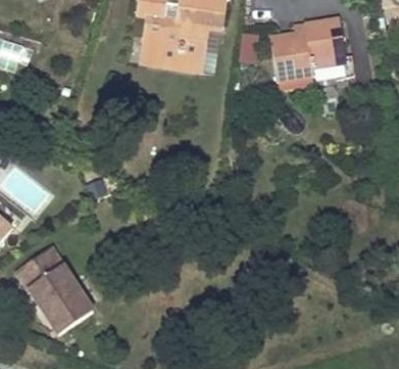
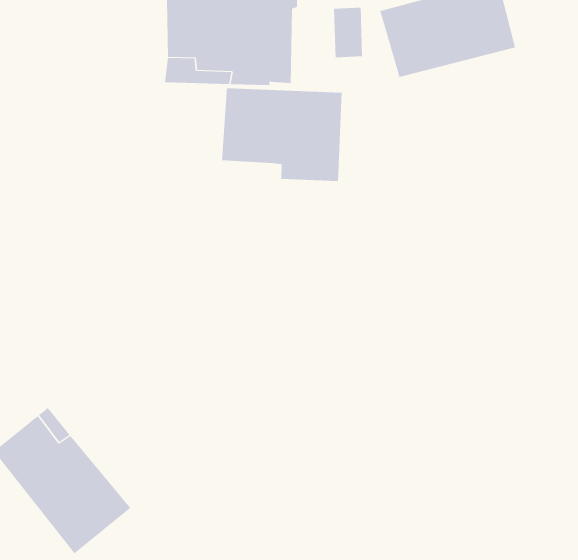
building: none -> [221,87,342,182]

